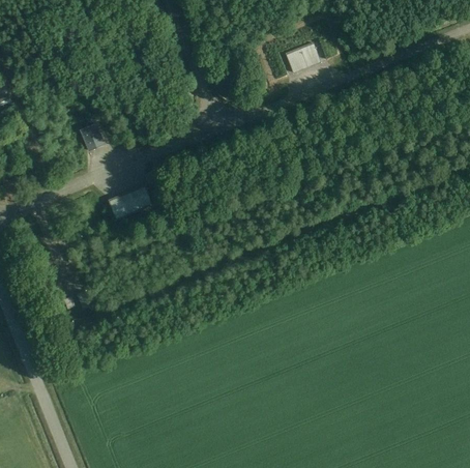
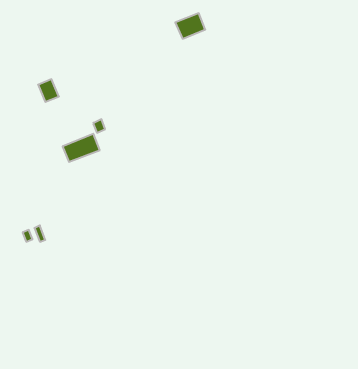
building: [287,43,321,72] -> [175,13,205,39]

